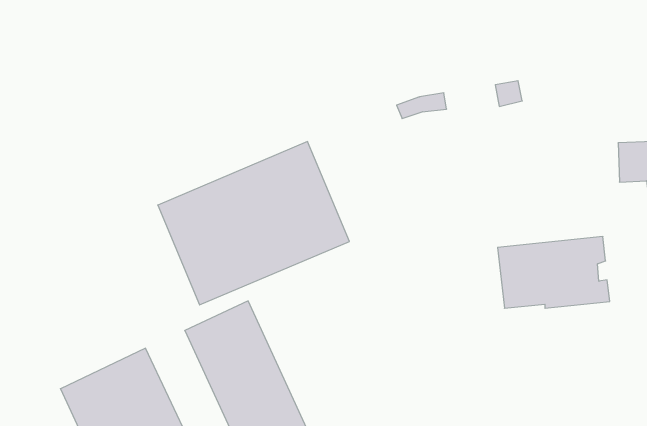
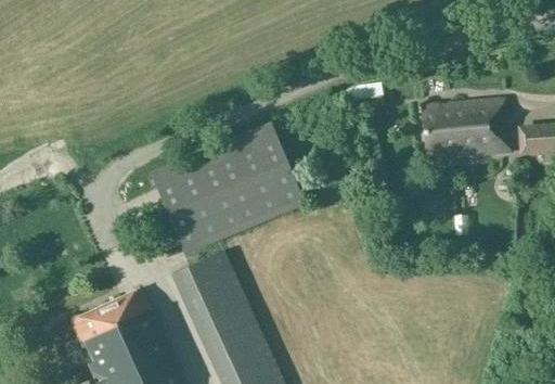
building: [498,237,610,308] -> [421,98,511,155]

